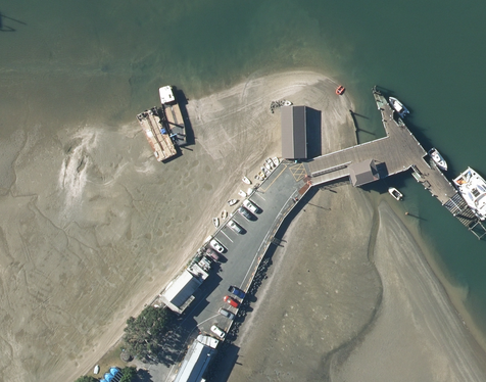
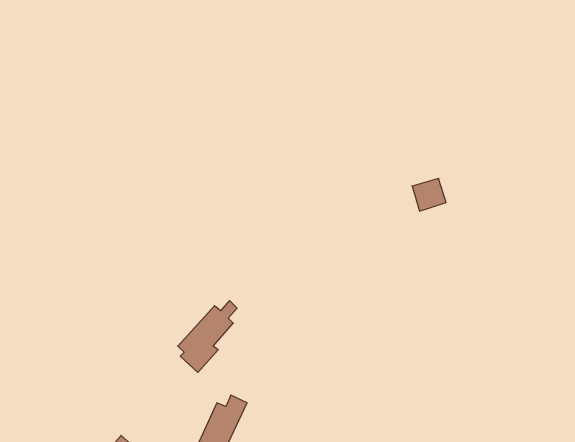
building: [281,107,305,158] -> none

